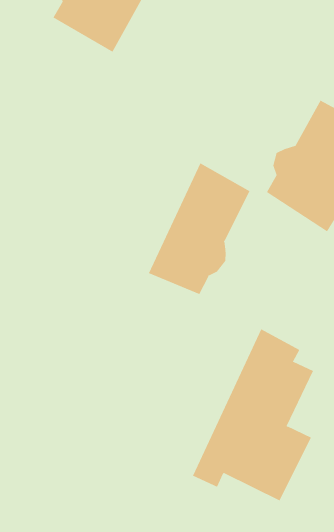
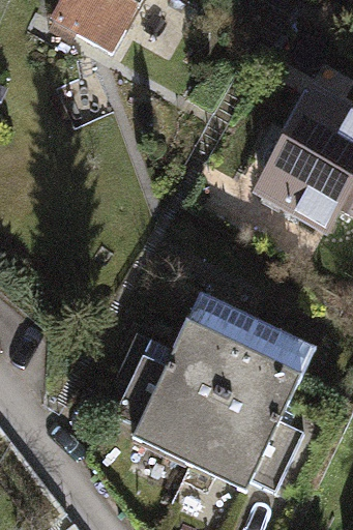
building: [148,162,250,295] -> none
building: none -> [114,307,256,467]

